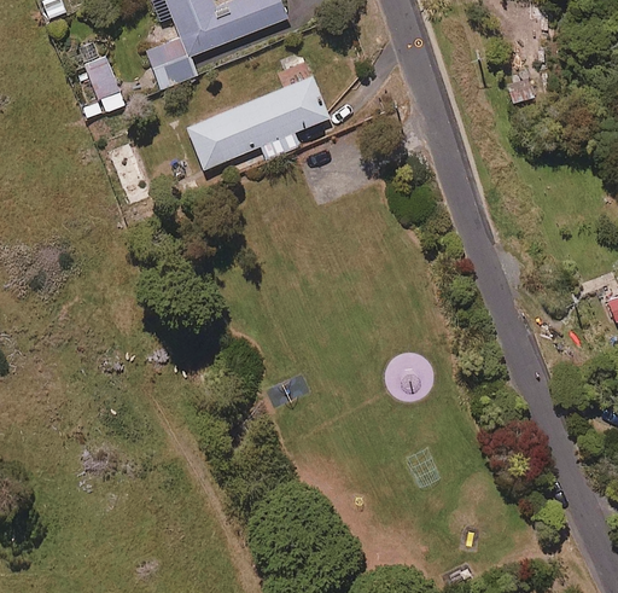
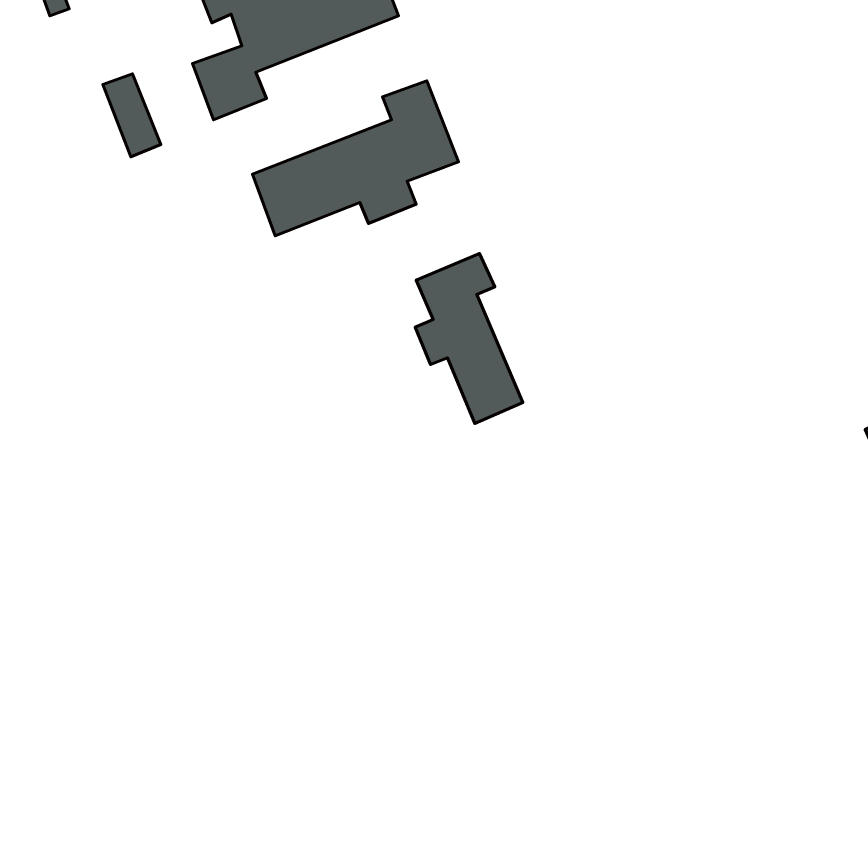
building: none -> [415,253,523,424]

